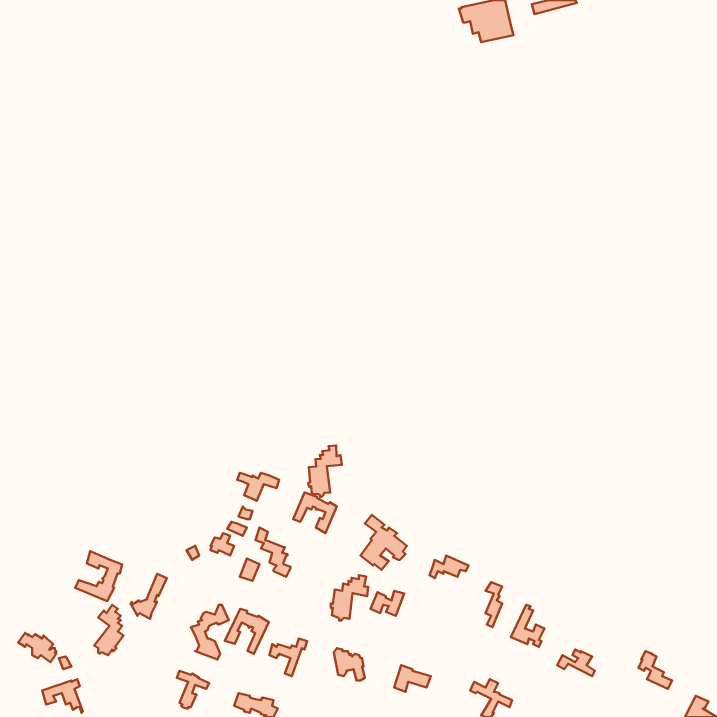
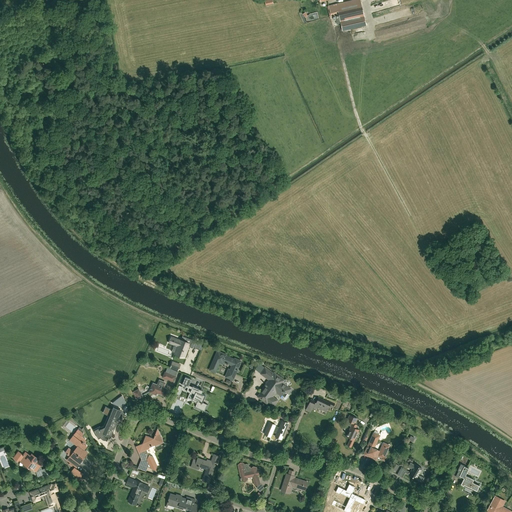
building: [308,445,342,497] -> none
building: [75,551,122,601] -> none
building: [331,575,368,621] -> none
building: [225,609,269,654] -> none

